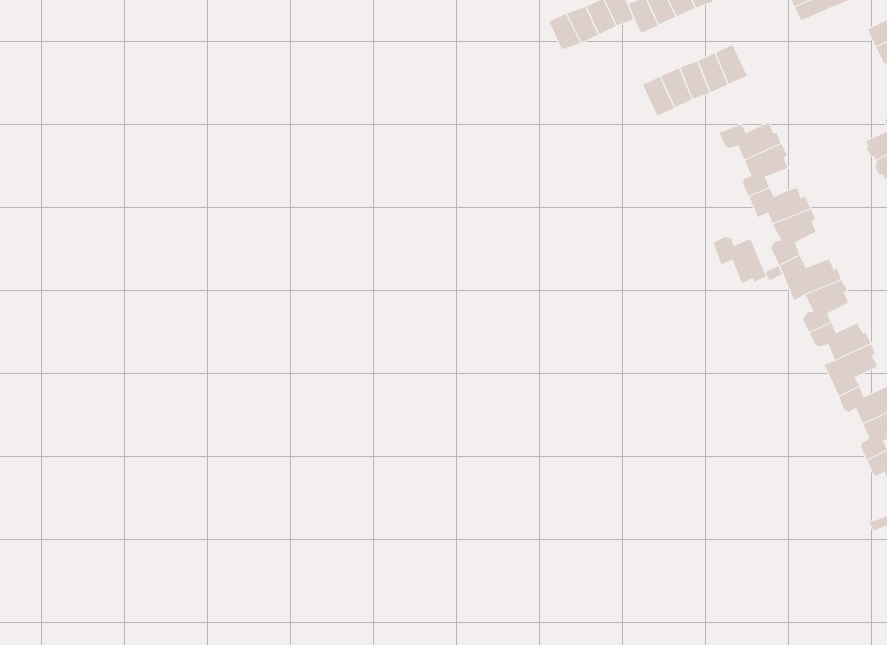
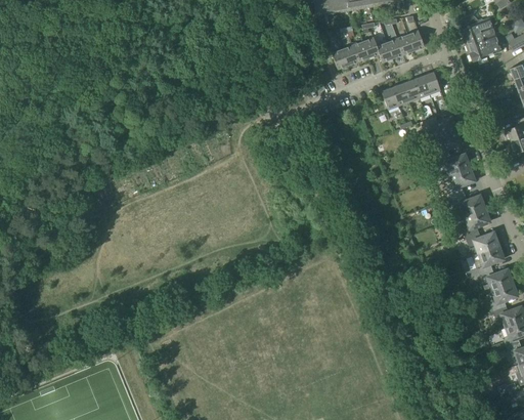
building: [713,236,766,284] -> none

